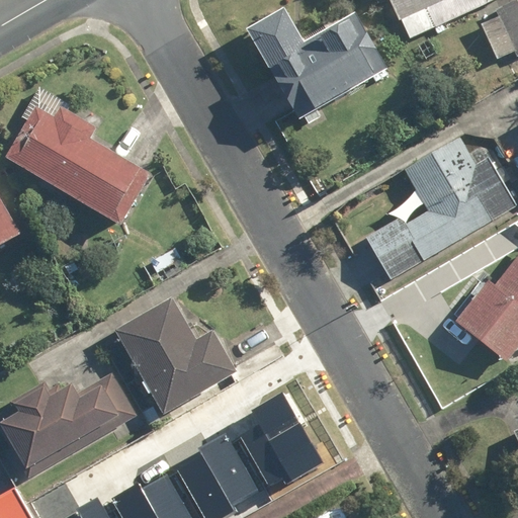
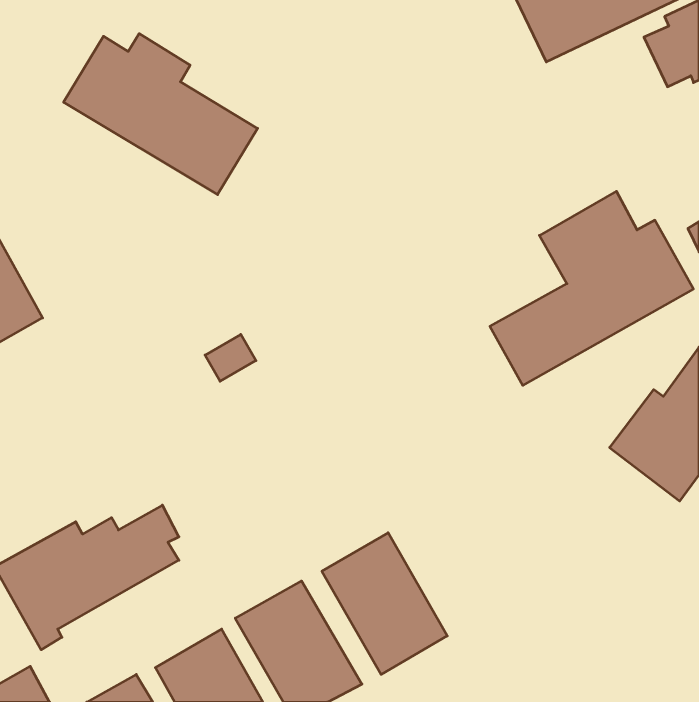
building: [235,11,380,123] -> none
building: [17,103,160,222] -> [64,34,258,195]
building: [121,292,246,411] -> none

